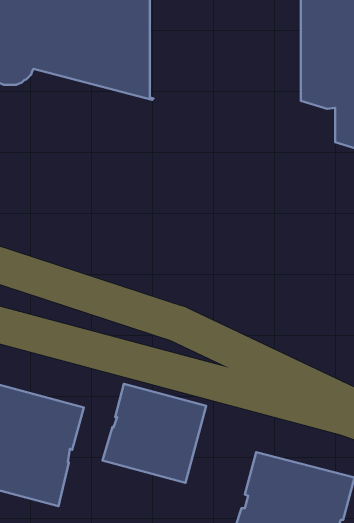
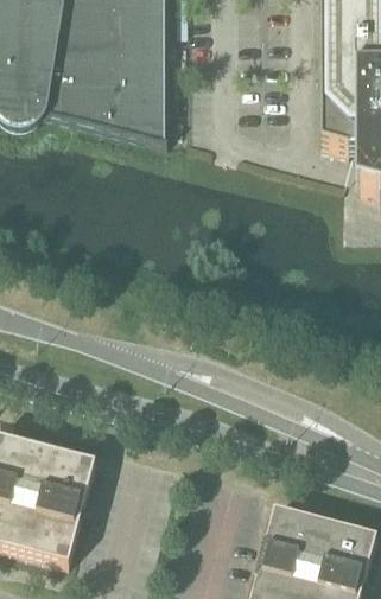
building: [102,384,206,483] -> none

